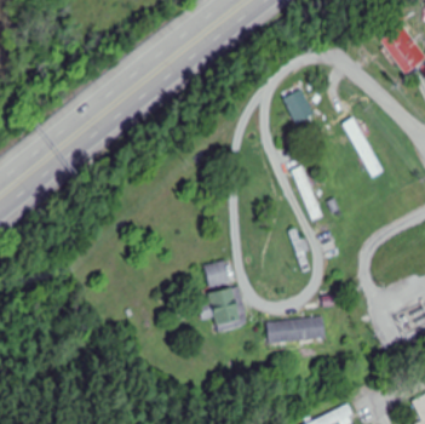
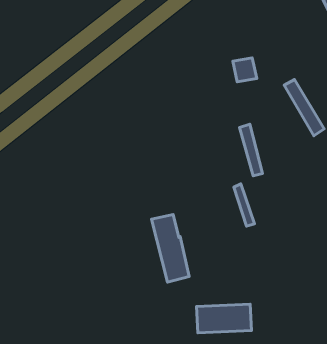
building: [266,316,325,346] -> [197,304,251,333]

